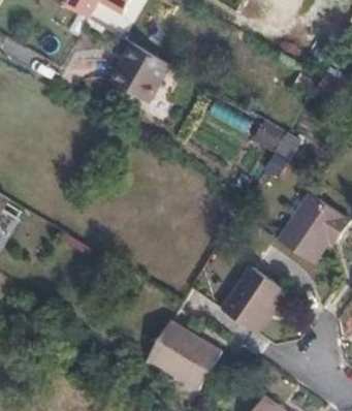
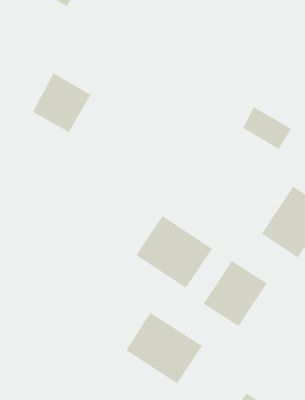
building: [109,45,167,104] -> [32,73,91,133]
building: none -> [136,215,213,289]

